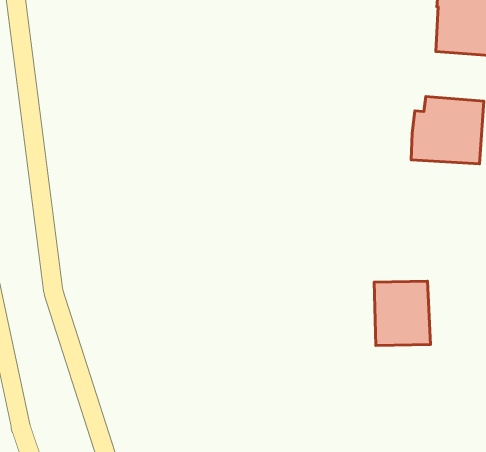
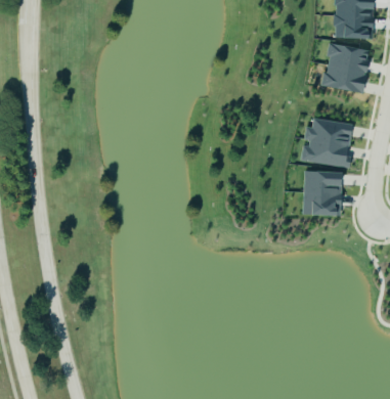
building: [374,281,431,346] -> [302,170,341,216]

